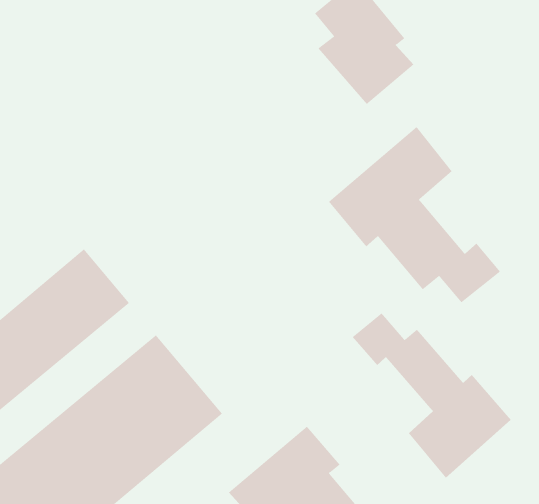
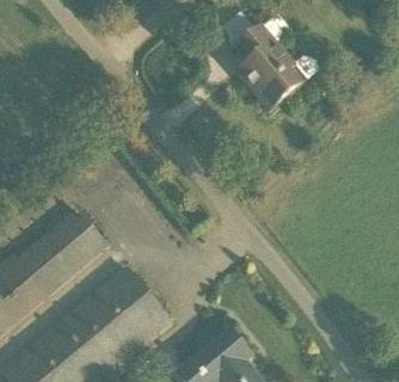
building: [328,126,501,303] -> none
building: [352,313,511,478] -> none

